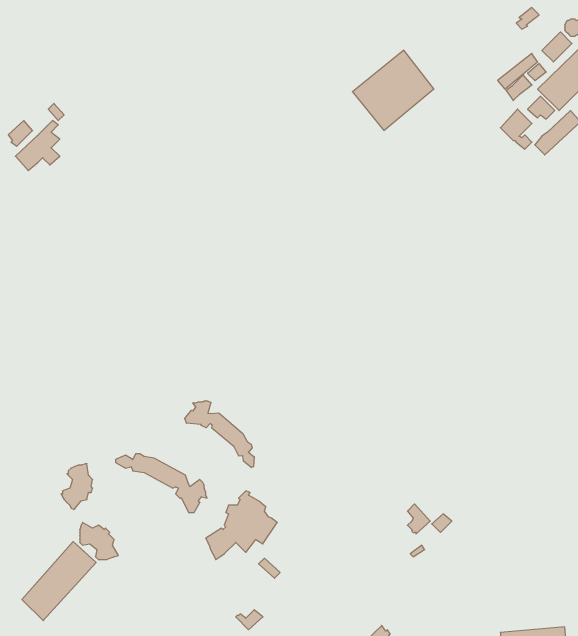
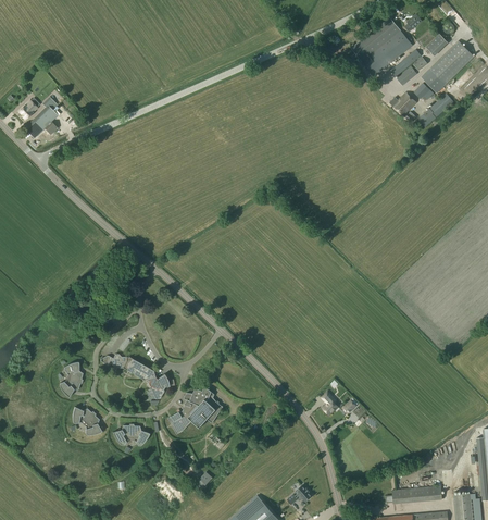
building: [352,50,434,130] -> [350,16,412,77]
building: [185,401,254,468] -> none
building: [22,542,96,621] -> none
building: none -> [113,424,149,446]

